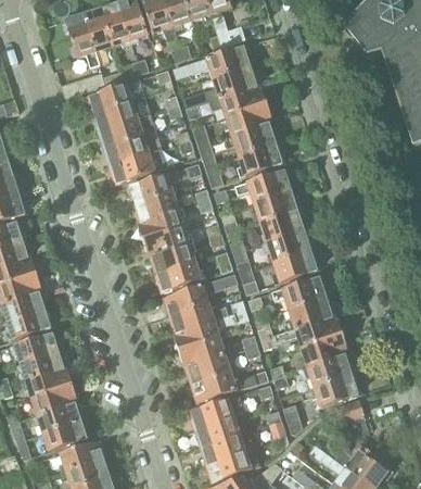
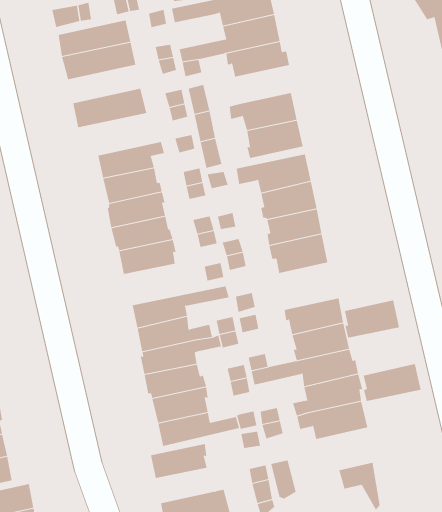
building: [221,103,271,139] -> none
building: [100,114,156,148] -> none
building: [111,150,168,186] -> none
building: [275,251,318,284] -> [344,300,400,338]
building: [156,263,203,292] -> none
building: [315,374,360,406] -> [363,364,421,402]
building: [195,416,242,447] -> none

